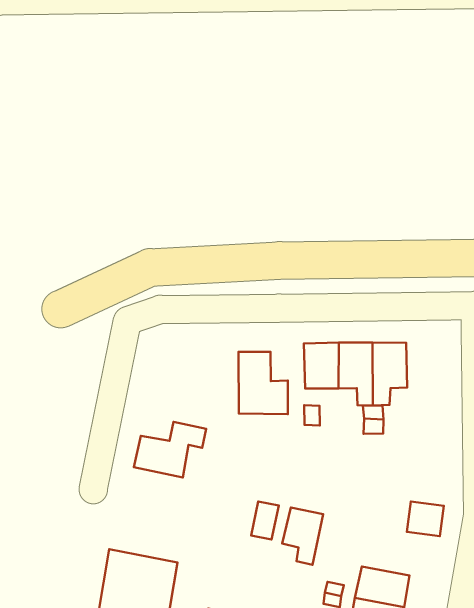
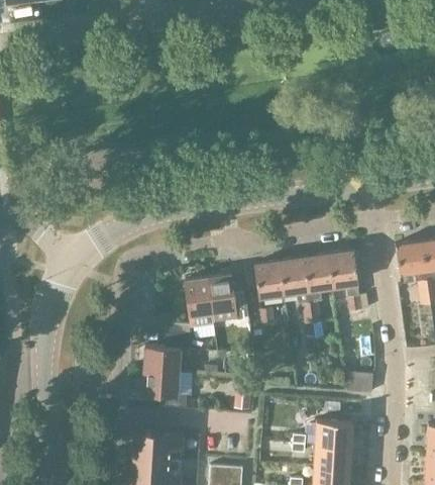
building: none -> [328,251,361,311]
building: none -> [168,277,214,335]
building: none -> [142,370,188,409]
building: [282,507,323,565] -> none

